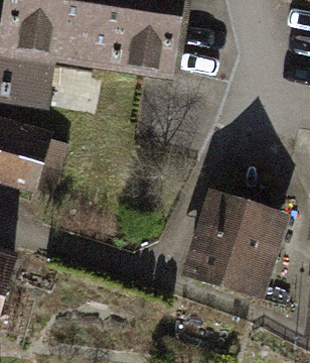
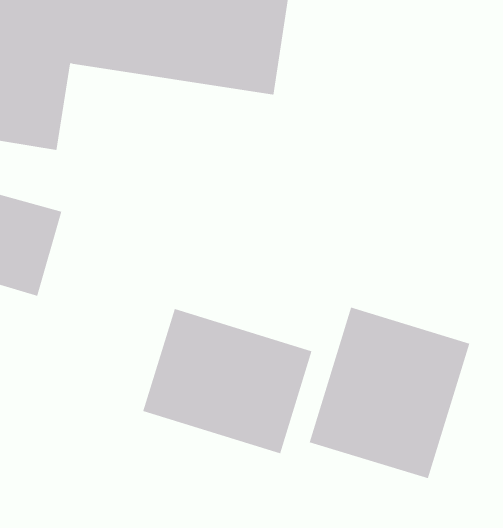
building: none -> [143,308,312,454]

